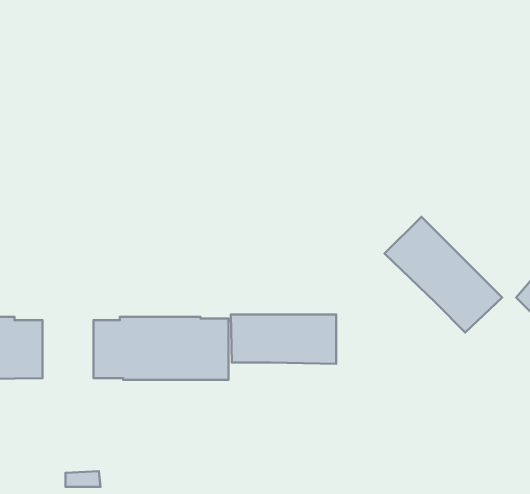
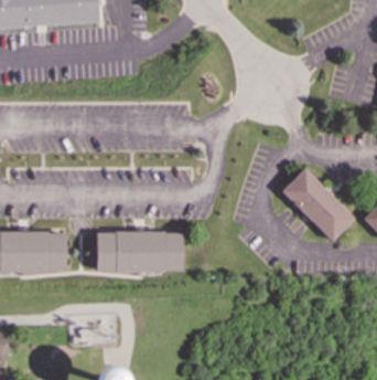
building: [231,315,336,364] -> none

